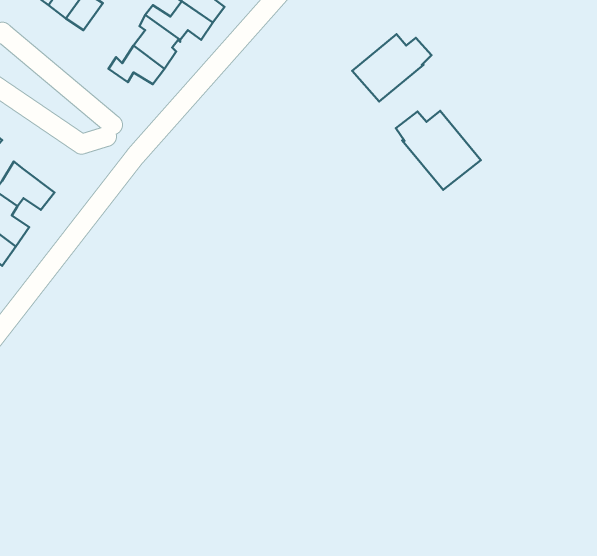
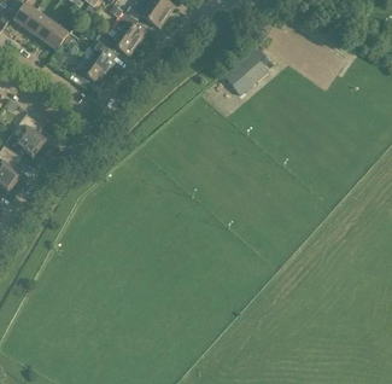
building: [396,111,481,190] -> none
building: none -> [18,114,47,151]

